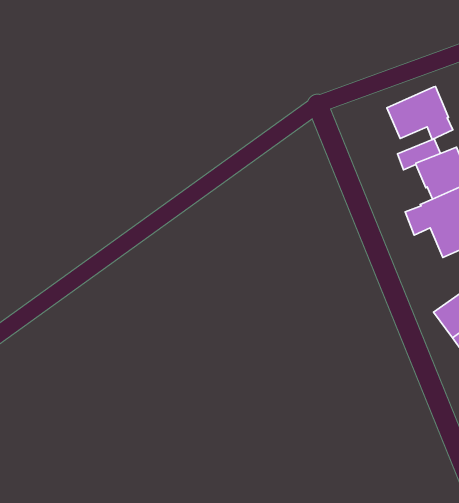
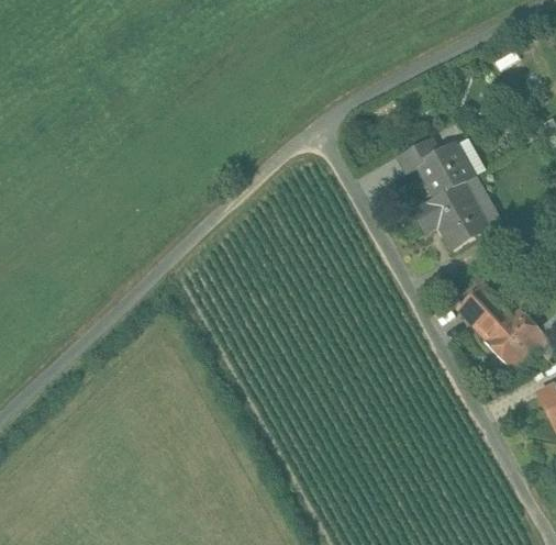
building: [387,87,453,140] -> none

